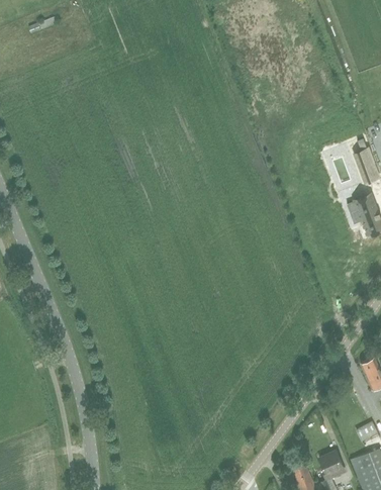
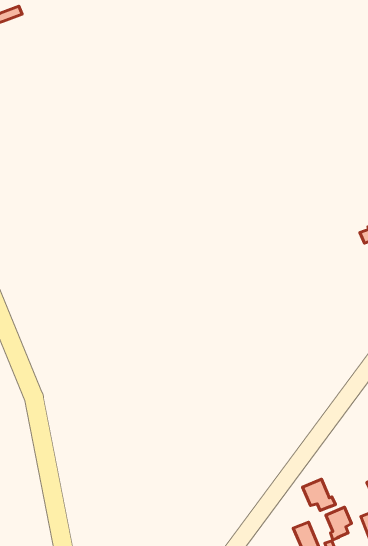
building: none -> [302,479,336,510]

